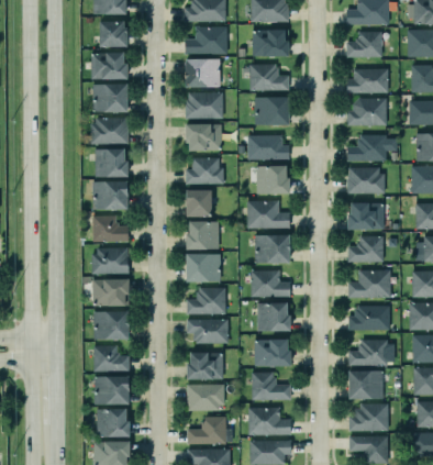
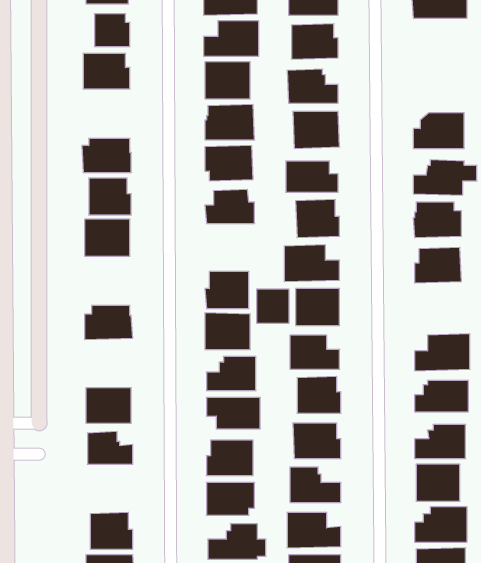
building: [347,31,382,57] -> none
building: [347,68,389,93] -> none
building: [93,84,127,112] -> none
building: [187,190,212,217] -> [257,289,289,323]
building: [92,215,129,242] -> none
building: [348,236,384,262] -> none
building: [93,279,130,306] -> none
building: [95,376,130,405] -> none

